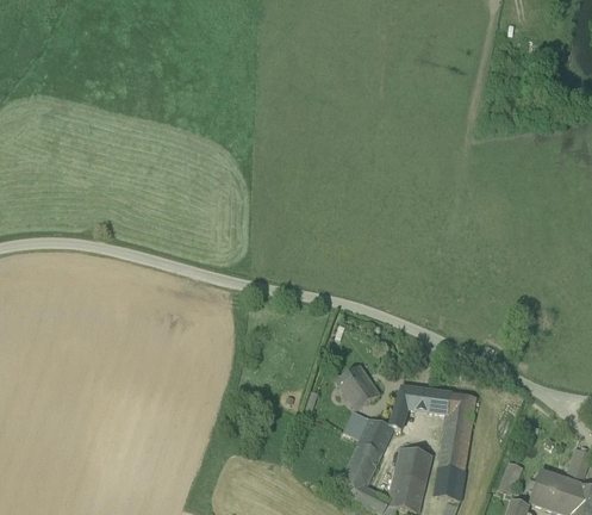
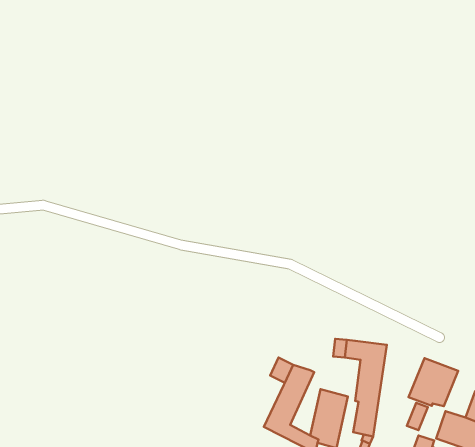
building: [336,364,379,409] -> none
building: [388,386,417,428] -> none
building: none -> [408,358,458,406]

